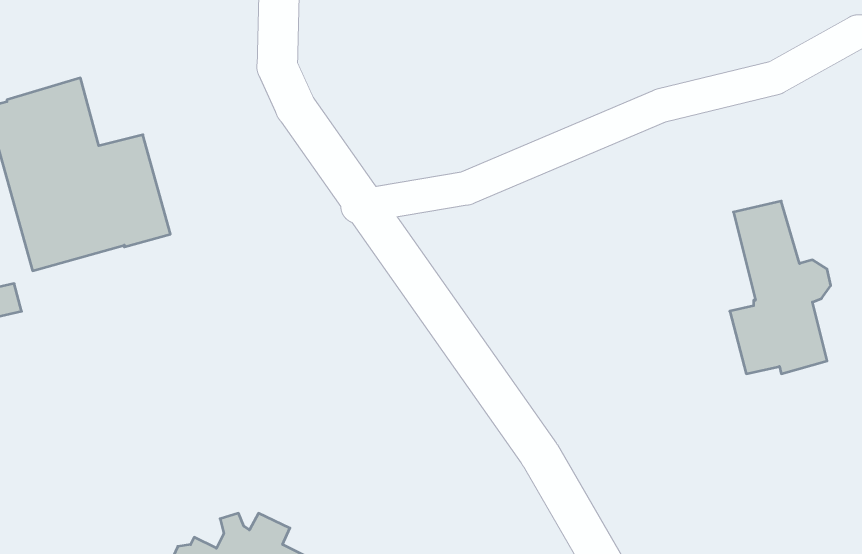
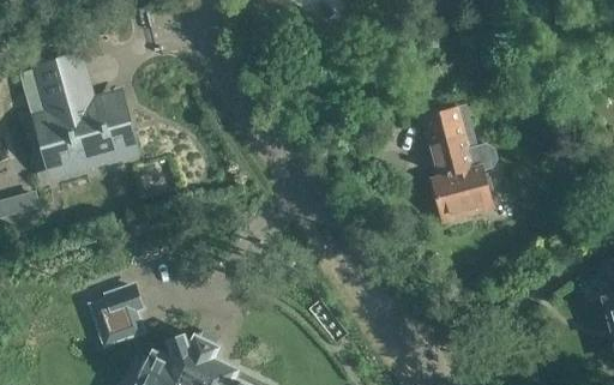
building: [730,201,831,374] -> [429,106,495,218]
building: none -> [90,288,139,344]

